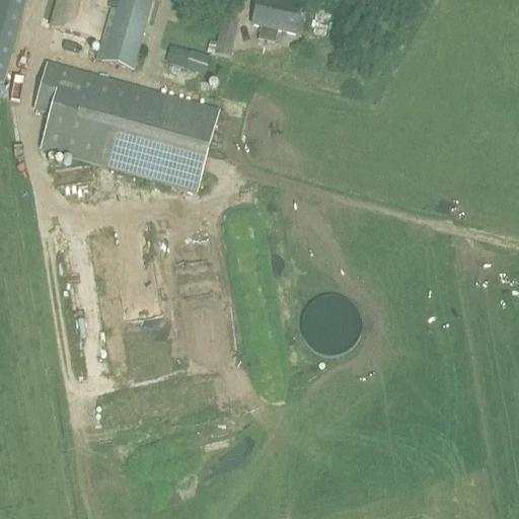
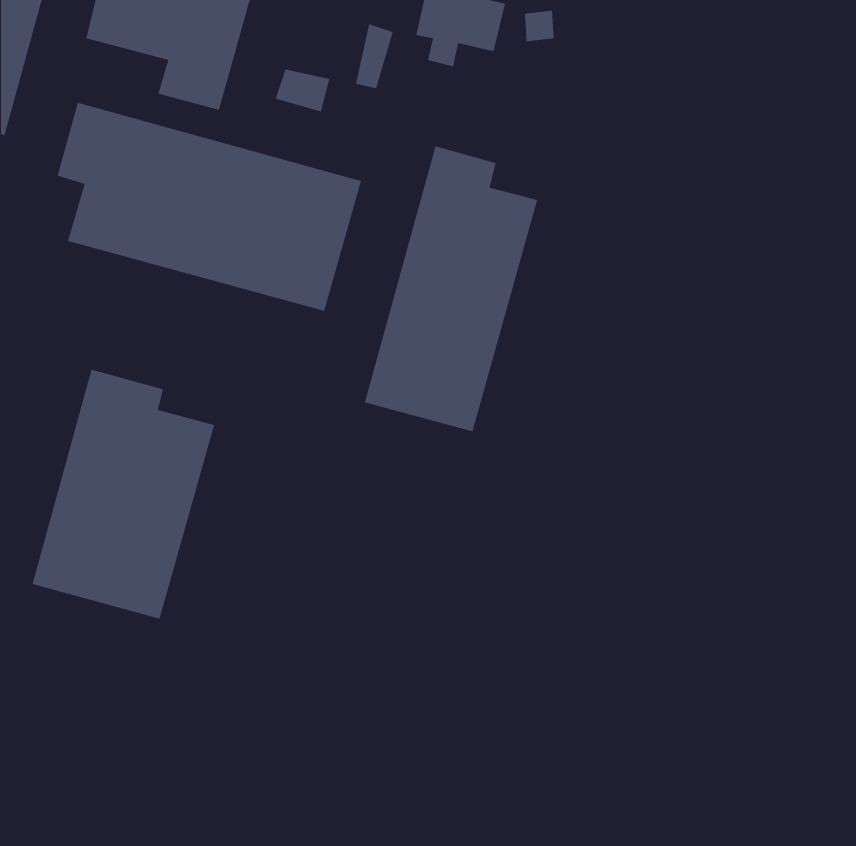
building: none -> [364,145,538,432]
building: none -> [32,369,215,619]

